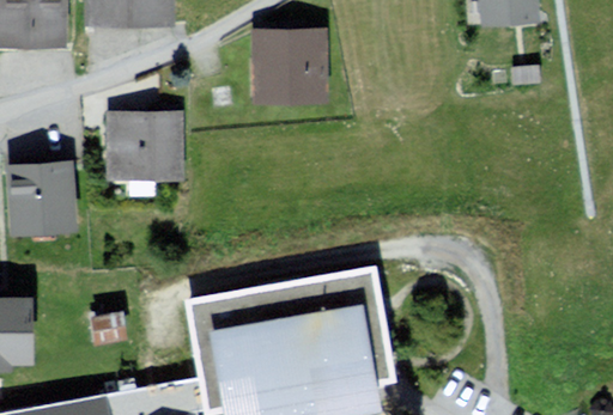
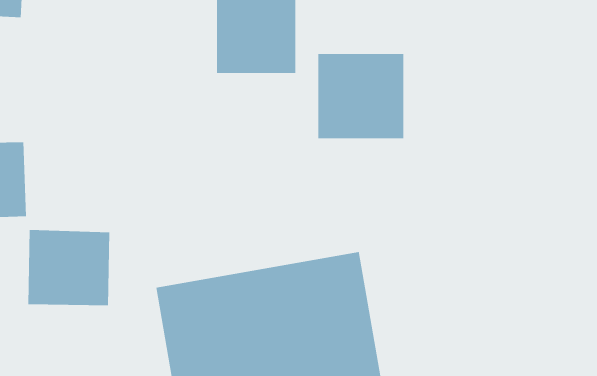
building: none -> [318,53,404,139]
building: [105,111,182,182] -> [27,230,110,306]

